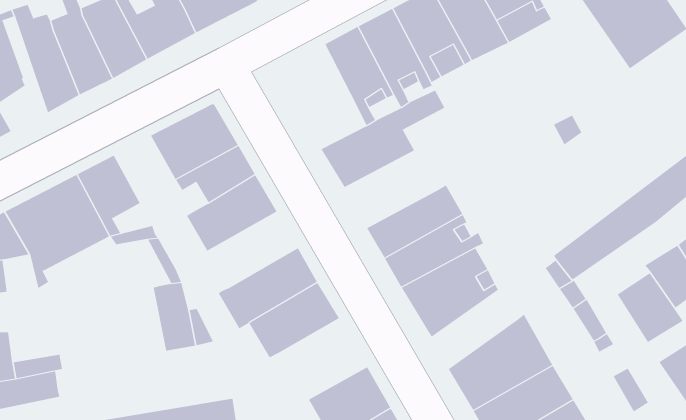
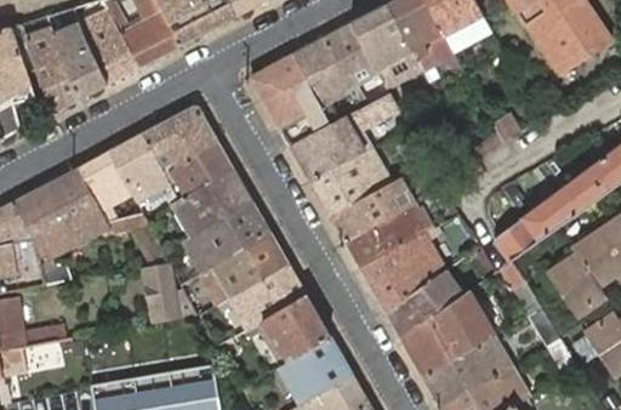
building: none -> [250,53,329,146]
building: none -> [108,133,177,204]
building: none -> [309,147,392,215]
building: none -> [184,200,269,269]
building: none -> [386,269,461,338]
building: none -> [253,294,330,365]

